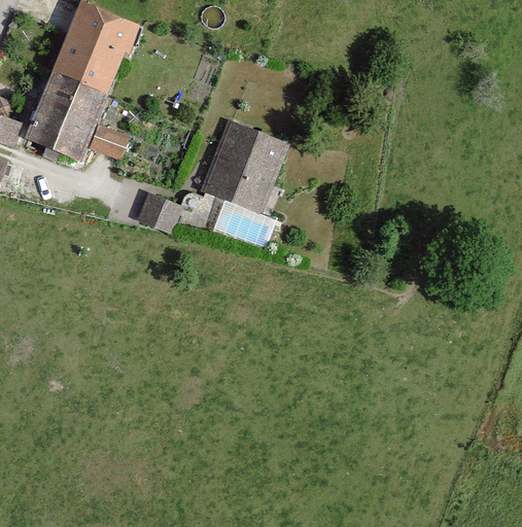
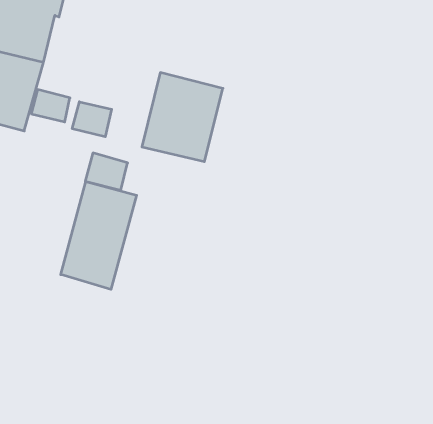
building: none -> [72,102,112,137]
building: none -> [61,181,137,289]

